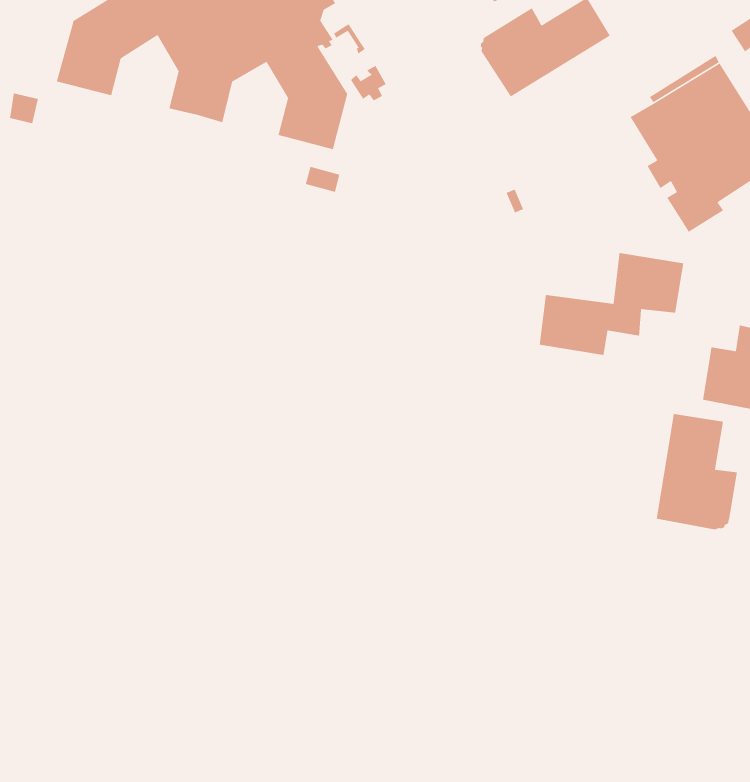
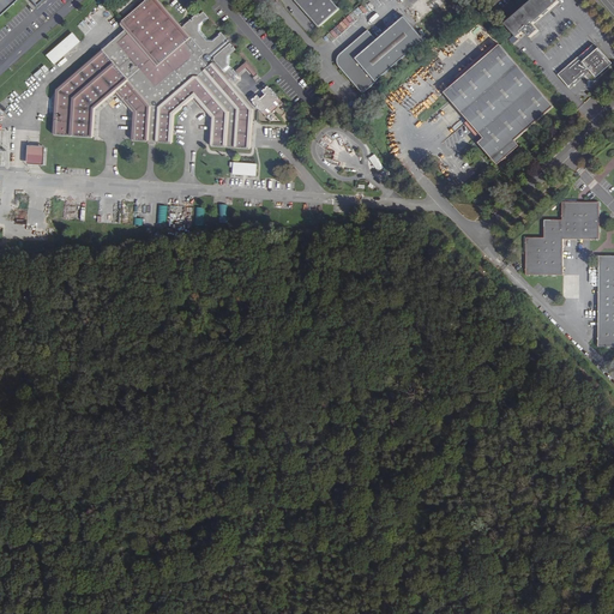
building: [539,252,684,356] -> none
building: [656,413,738,530] -> none

